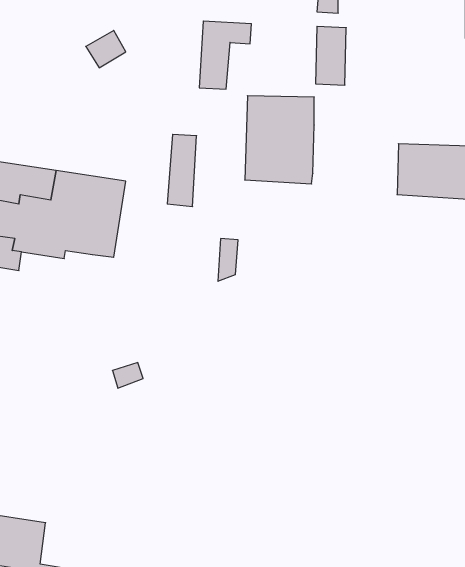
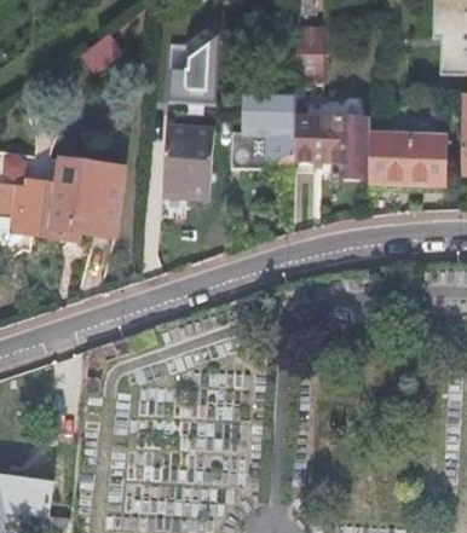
building: none -> [295,116,370,176]
building: none -> [185,126,214,197]

